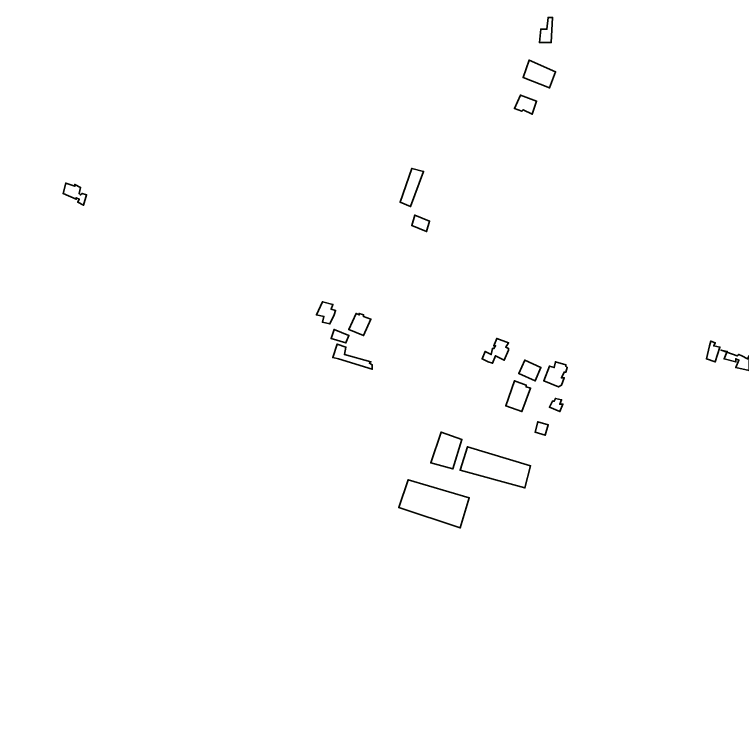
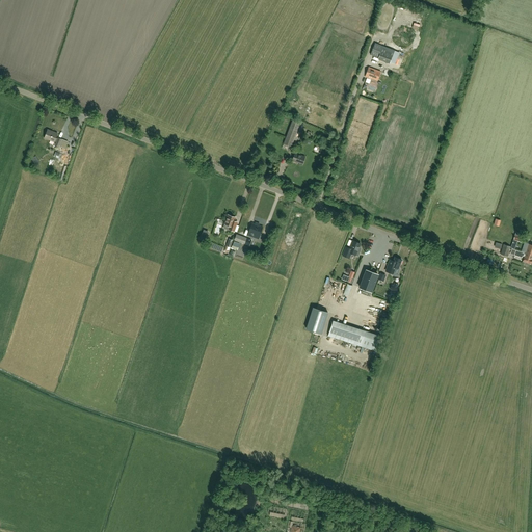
building: [399,480,469,528] -> none

